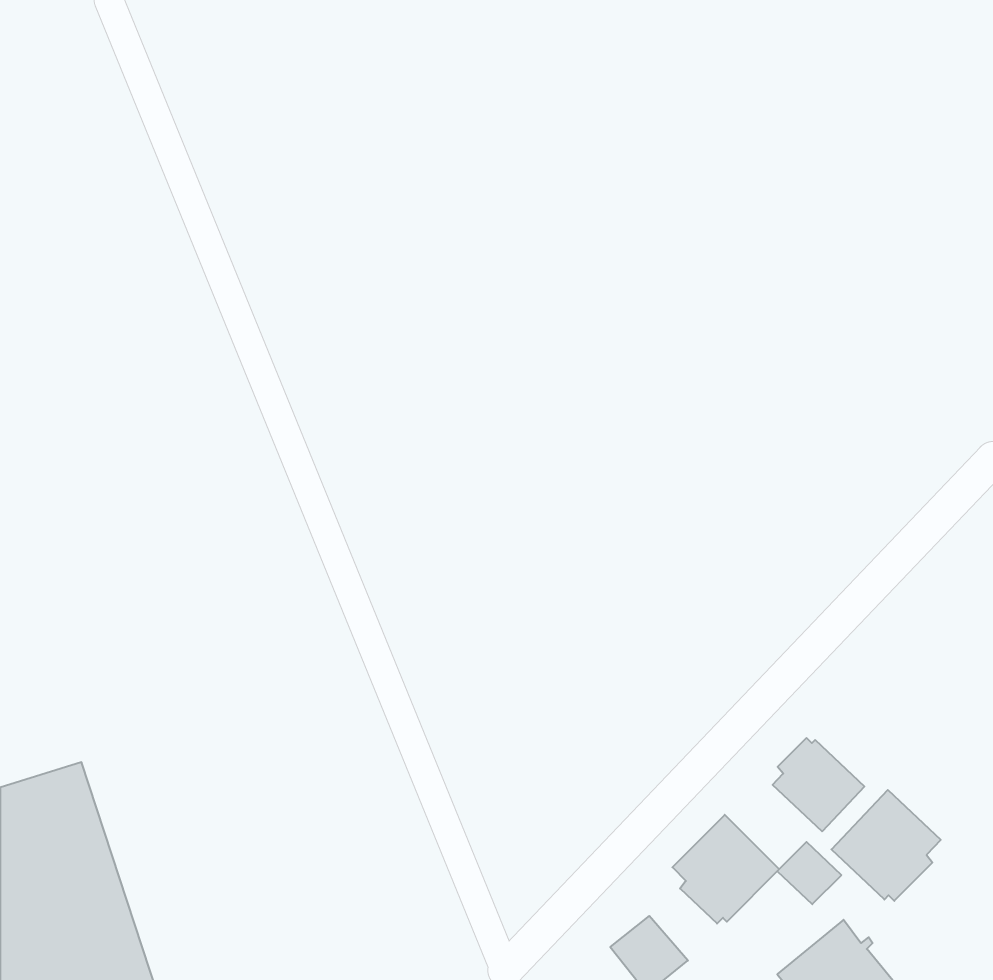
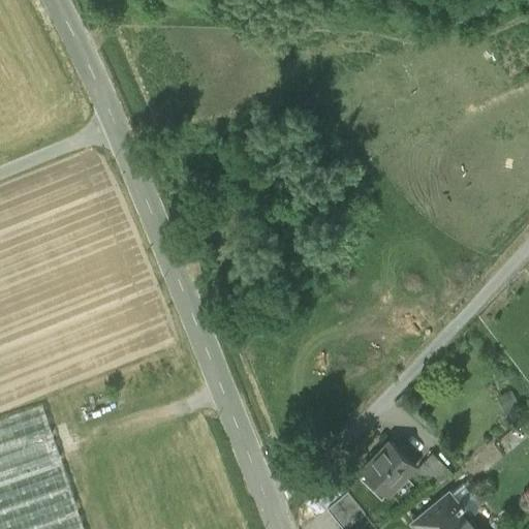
building: [773,738,864,831] -> none
building: [831,790,941,901] -> none

